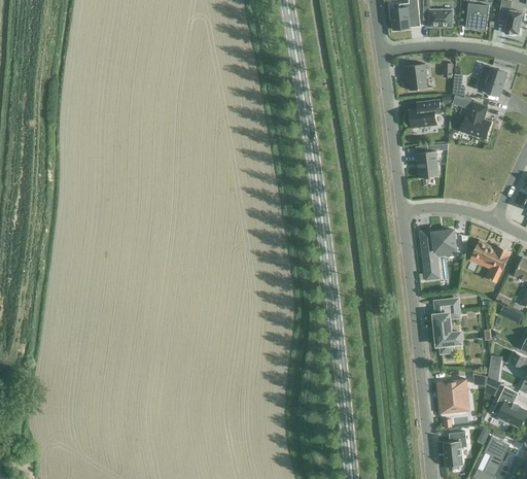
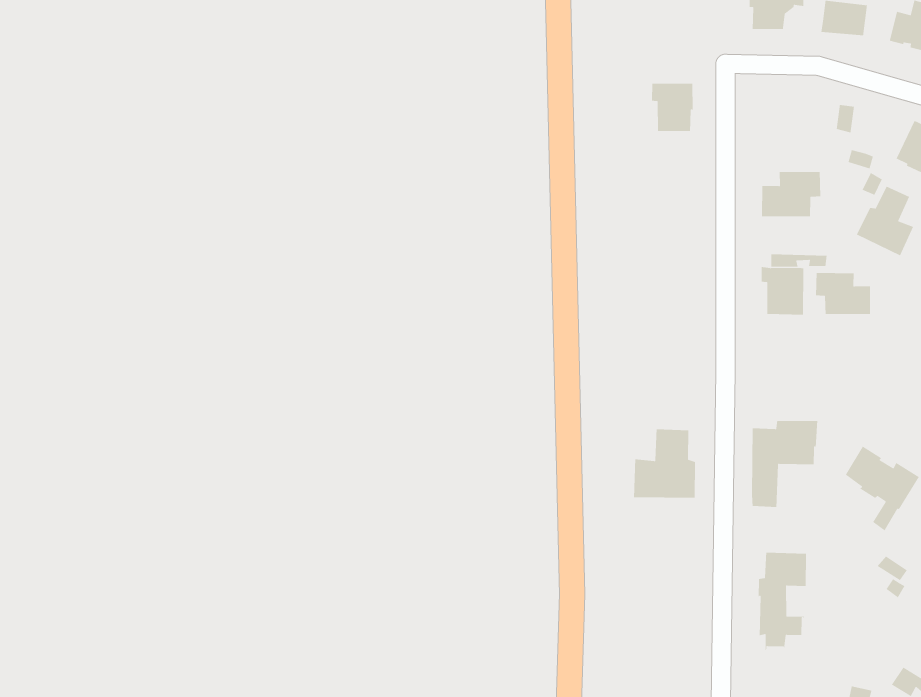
building: [403,64,427,92] -> [651,83,693,132]
building: none -> [815,272,871,315]
building: none -> [633,429,696,498]

